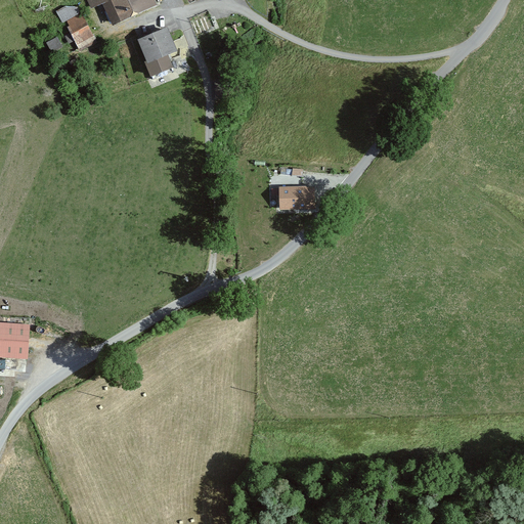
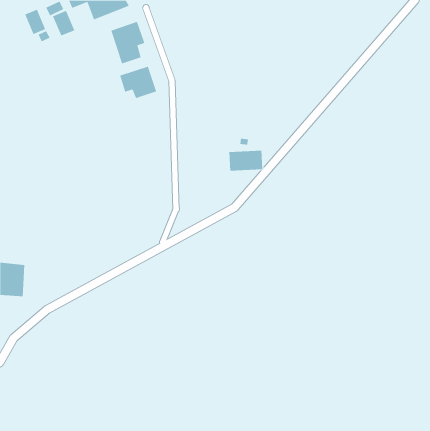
building: none -> [25,9,46,35]
building: none -> [119,66,157,99]

